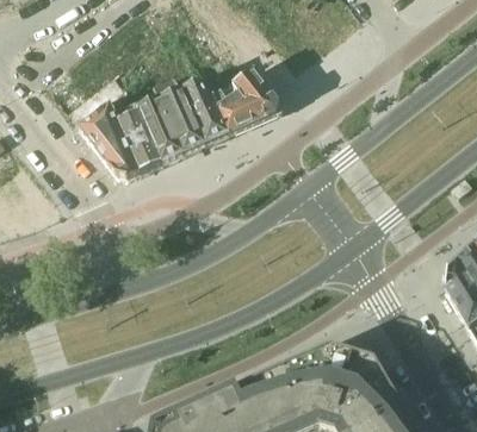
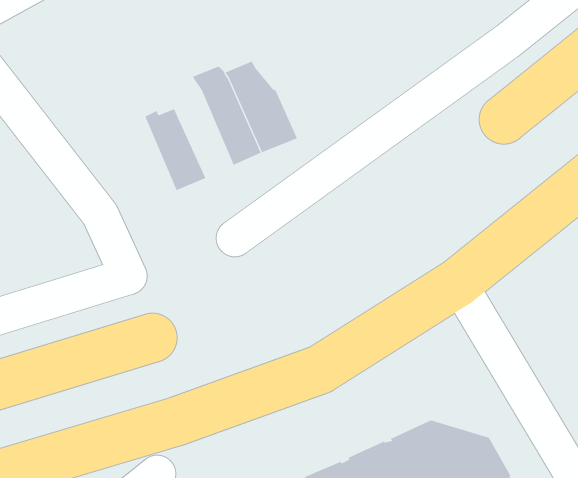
building: [216,74,281,138] -> none
building: [136,102,184,168] -> none
building: [81,109,141,183] -> none

